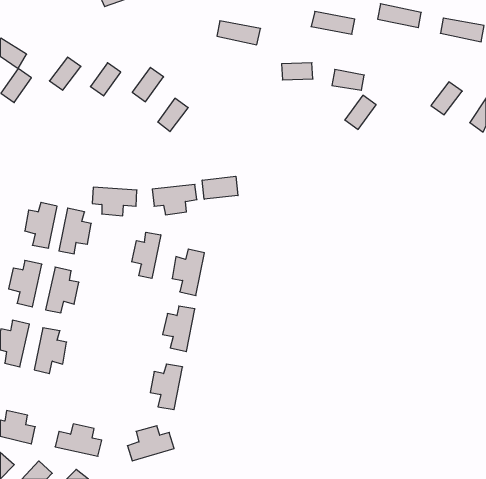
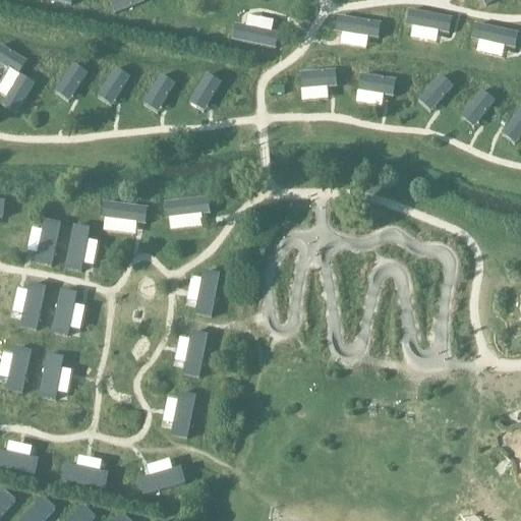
building: [345,95,376,129] -> [418,71,452,108]
building: [158,98,188,132] -> [189,72,222,108]
building: [202,176,238,199] -> none
building: [132,232,161,278] -> none

